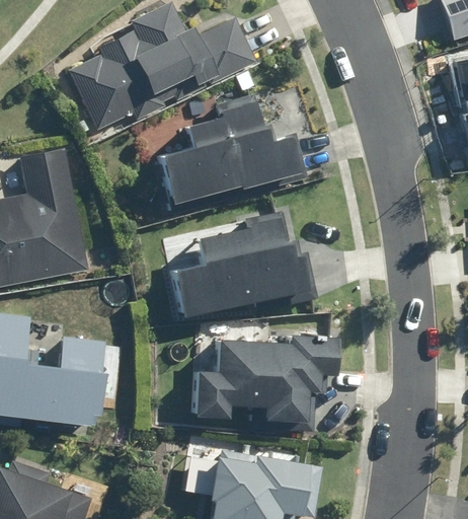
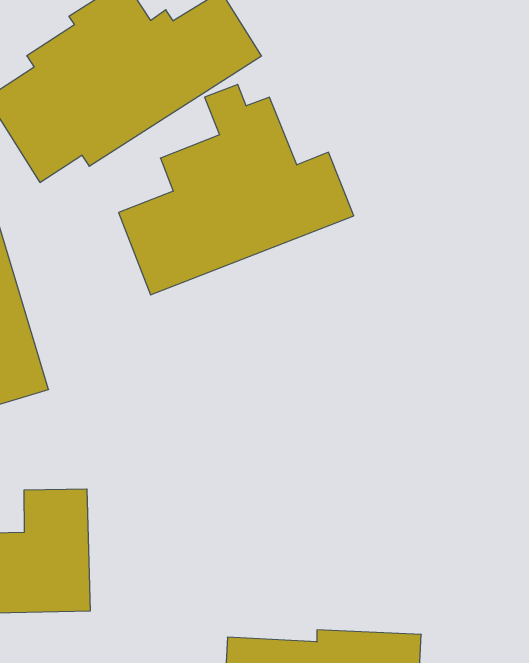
building: [170,204,319,317] -> none
building: [193,335,335,421] -> none

